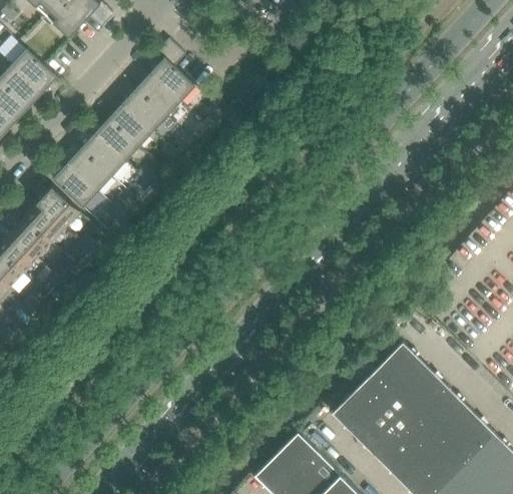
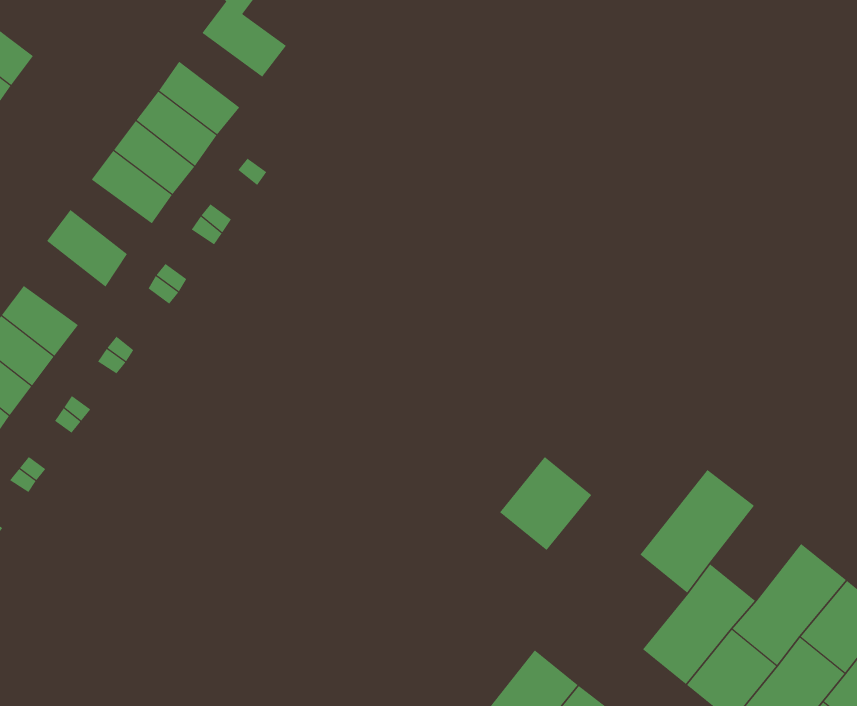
building: [135,75,180,118] -> none
building: [67,149,111,192] -> none
building: [37,188,79,228] -> none
building: [398,367,449,419] -> none
building: [332,387,384,439] -> [499,456,592,551]

